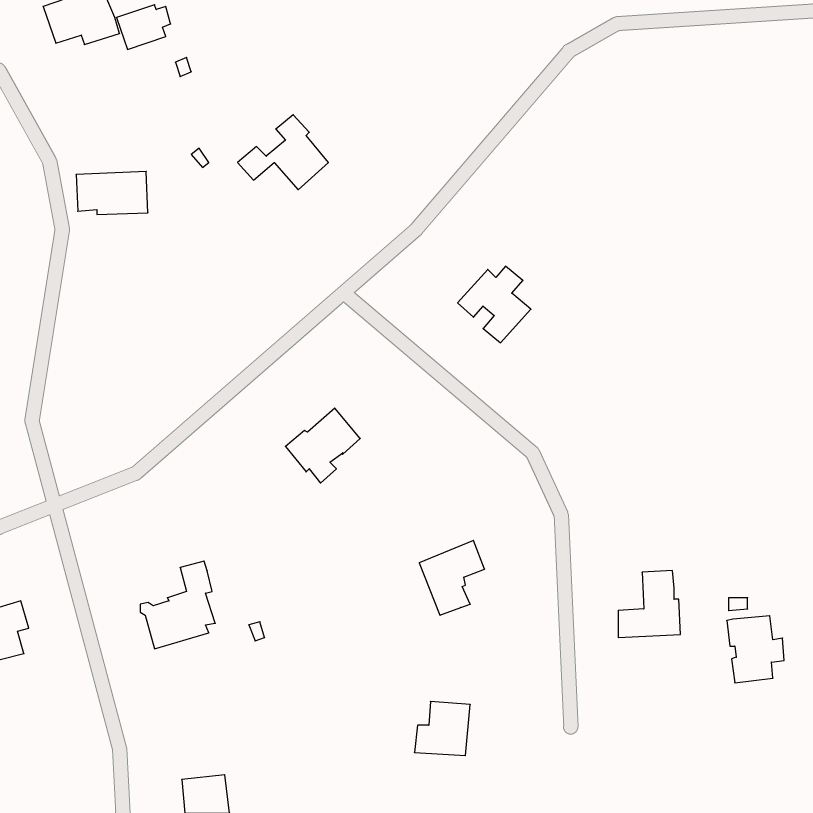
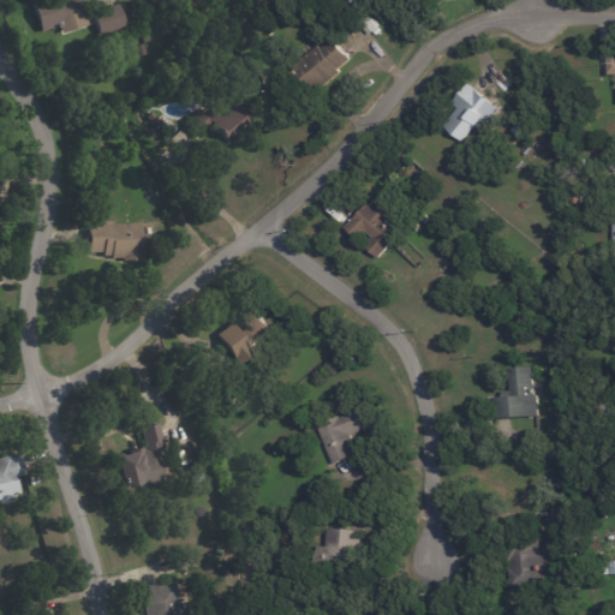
building: none -> [294,37,351,92]
building: none -> [443,83,496,141]
building: [76,171,148,214] -> [83,223,137,256]
building: [618,571,680,638] -> [492,368,539,418]
building: [727,616,784,683] -> [504,538,548,589]

